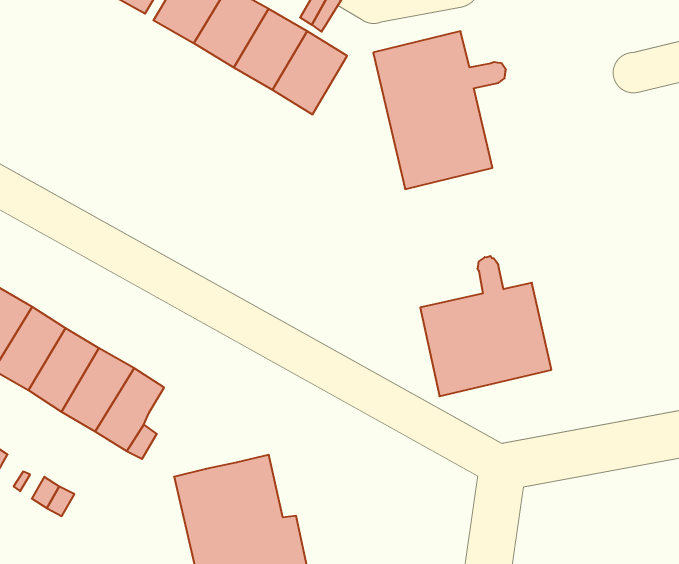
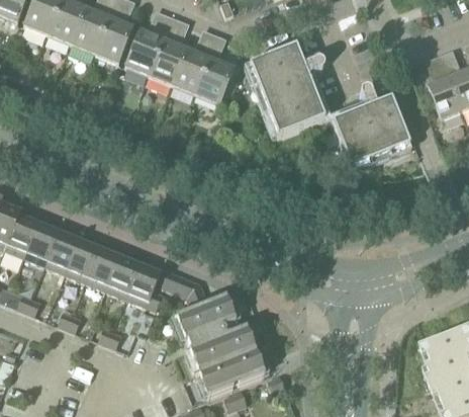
building: [420,256,551,396] -> [331,87,408,169]
building: none -> [155,268,207,310]

